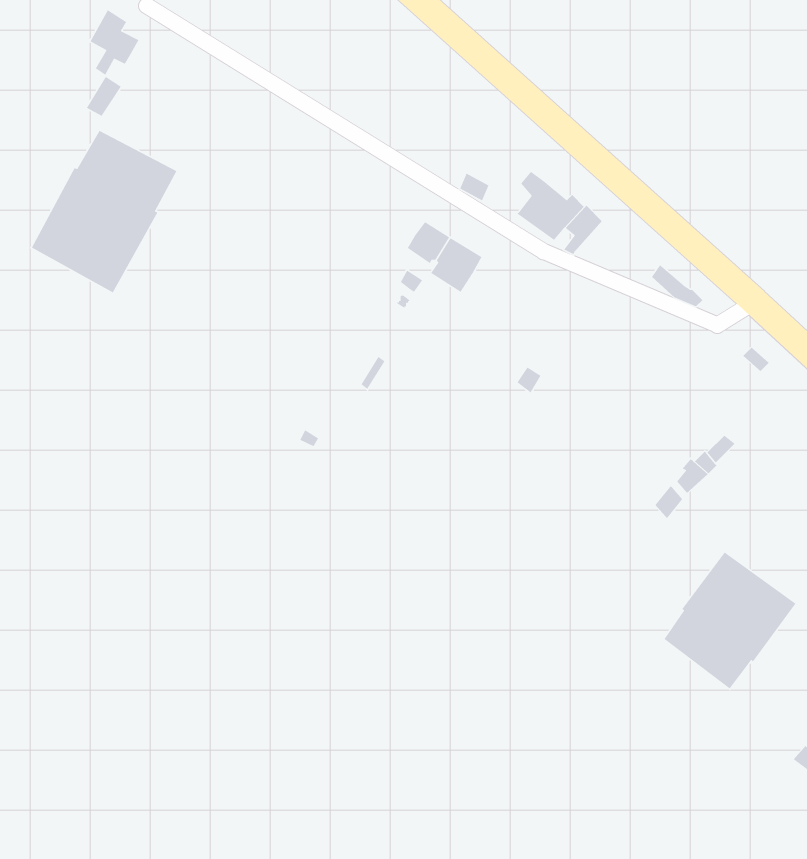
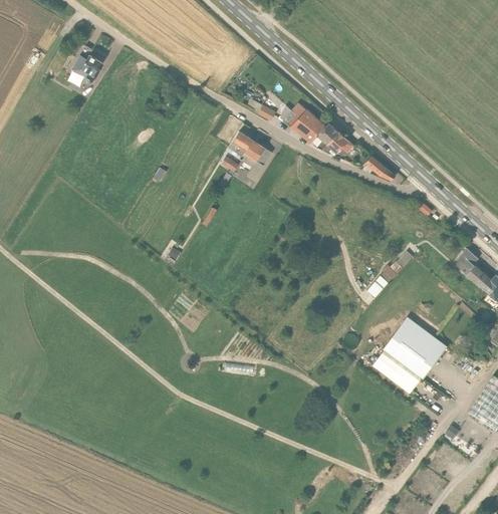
building: [89,9,140,76] -> [74,45,102,82]
building: [31,130,178,294] -> none
building: none -> [324,133,354,157]

